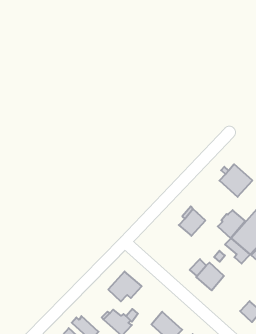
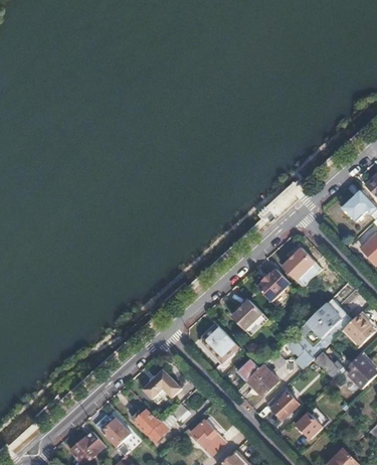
building: [218,210,245,238] -> [257,269,291,302]
building: none -> [204,324,239,362]
building: none -> [265,394,298,420]

